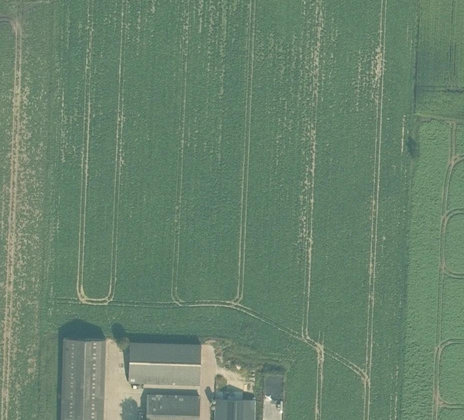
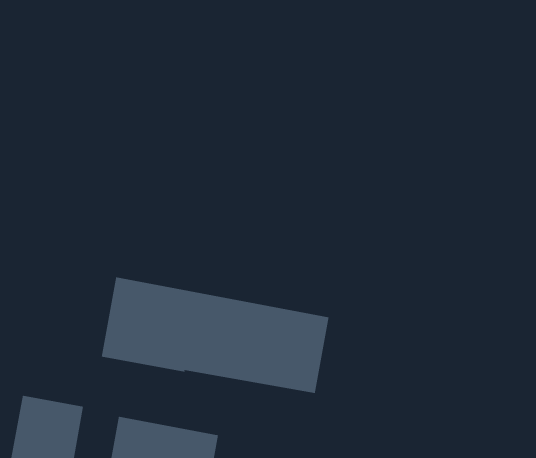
building: none -> [101,277,329,394]

